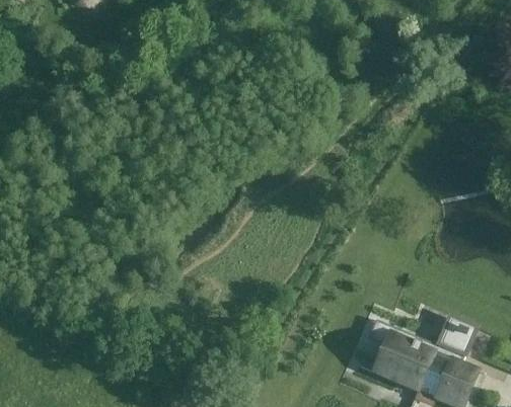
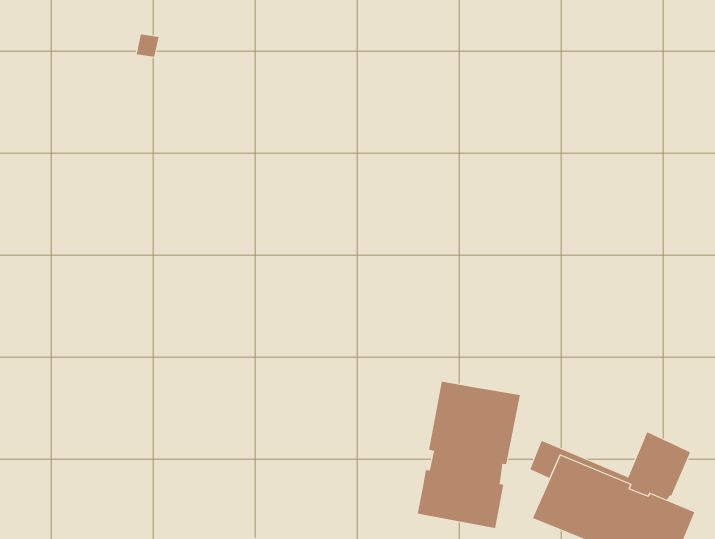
building: none -> [417,381,521,529]

